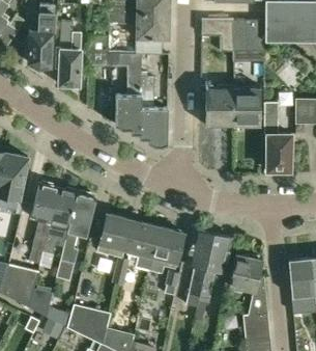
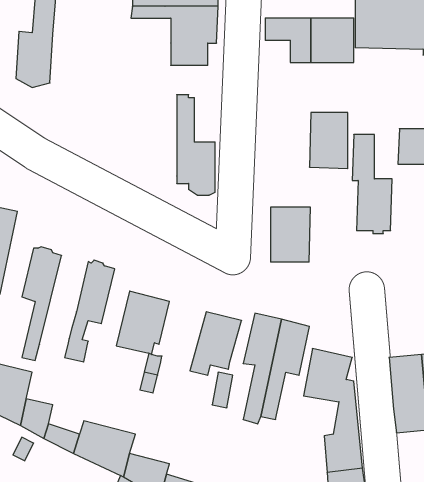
building: [56,22,82,89] -> none
building: [90,36,141,133] -> none
building: [206,88,234,127] -> [271,207,310,262]
building: [44,189,78,253] -> none
building: [127,221,161,270] -> none

